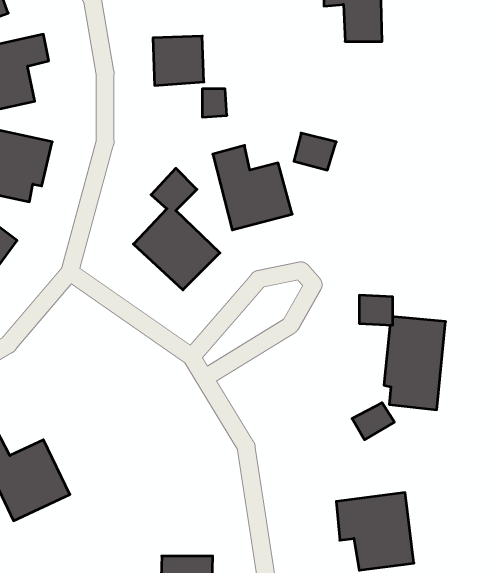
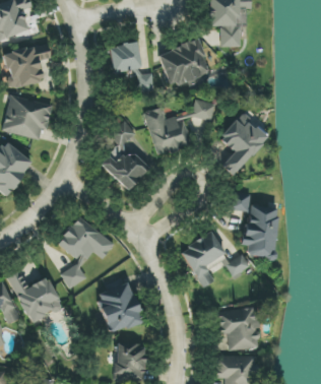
building: none -> [157,39,210,88]
building: none -> [219,114,268,176]
building: none -> [57,215,115,289]
building: none -> [181,232,224,289]
building: none -> [95,282,143,334]

